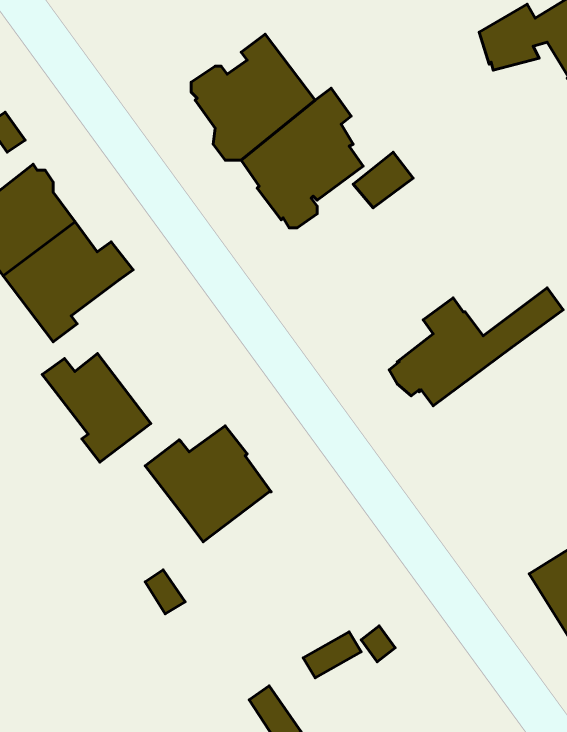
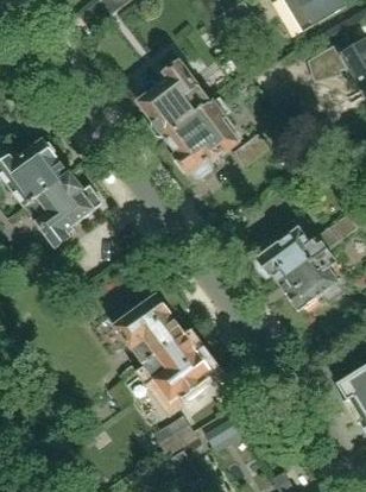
building: none -> [280,247,343,310]
building: [42,354,151,462] -> none
building: none -> [144,333,213,399]
building: none -> [158,417,198,454]

